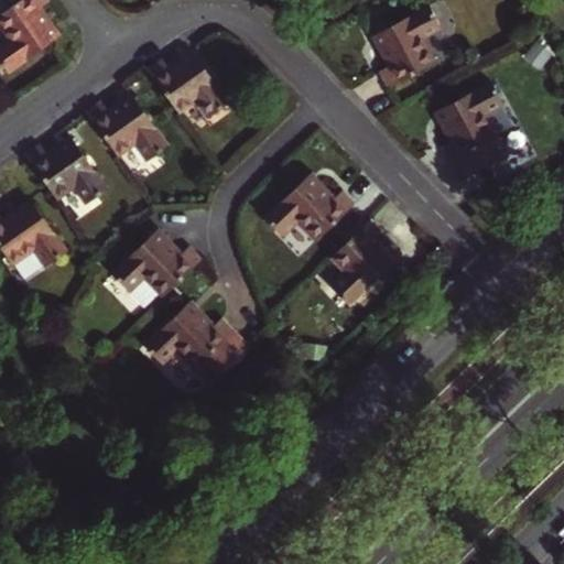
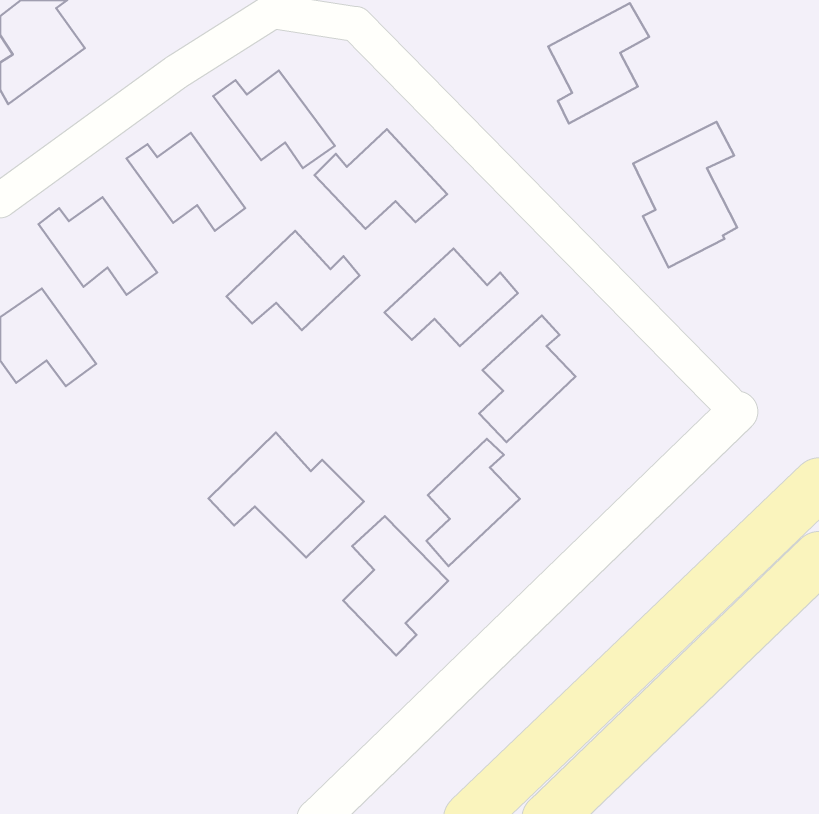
building: none -> [315,129,447,229]
building: [110,230,202,299] -> [226,231,359,330]
building: none -> [427,439,520,566]
building: none -> [343,516,448,655]

